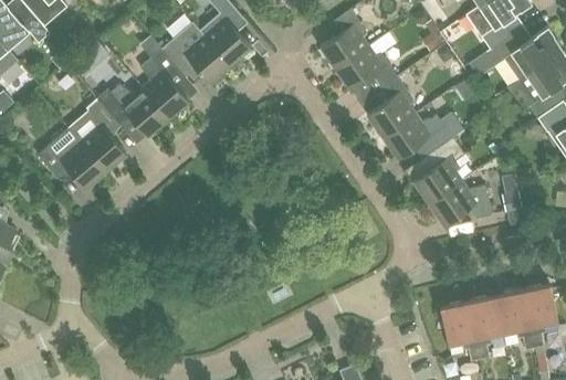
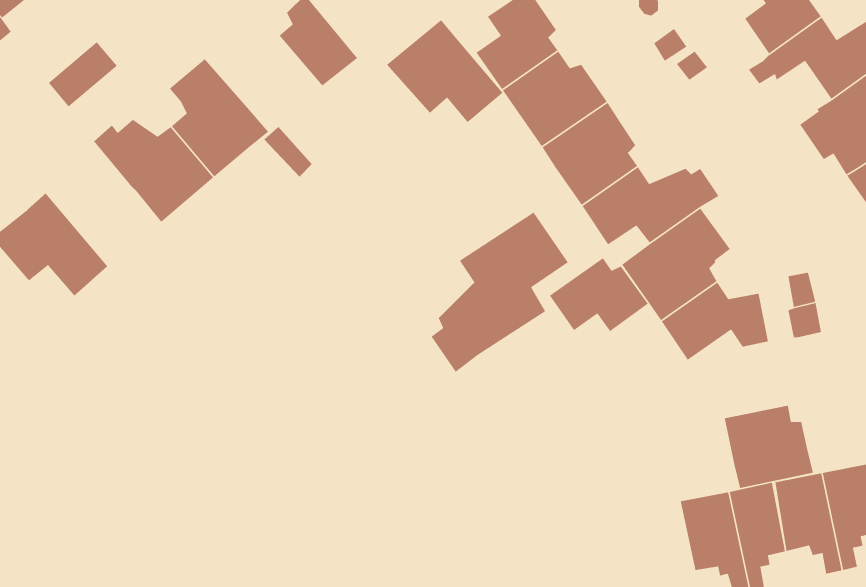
building: [161,22,230,83] -> [386,19,504,123]
building: [69,97,126,170] -> none
building: none -> [431,212,569,373]
building: none -> [549,257,649,332]
building: none -> [724,405,814,489]

